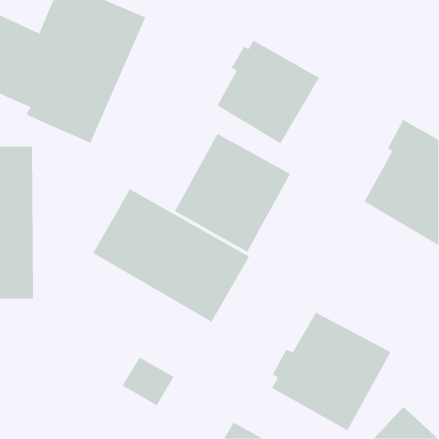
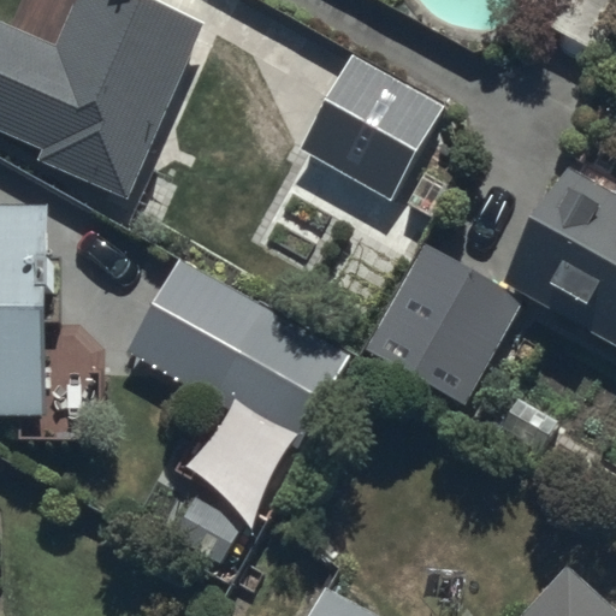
building: [174,133,291,253] -> [362,241,525,407]
building: [272,312,391,431] -> none

